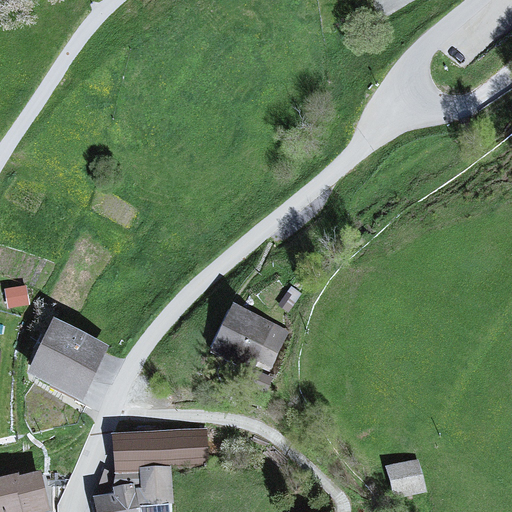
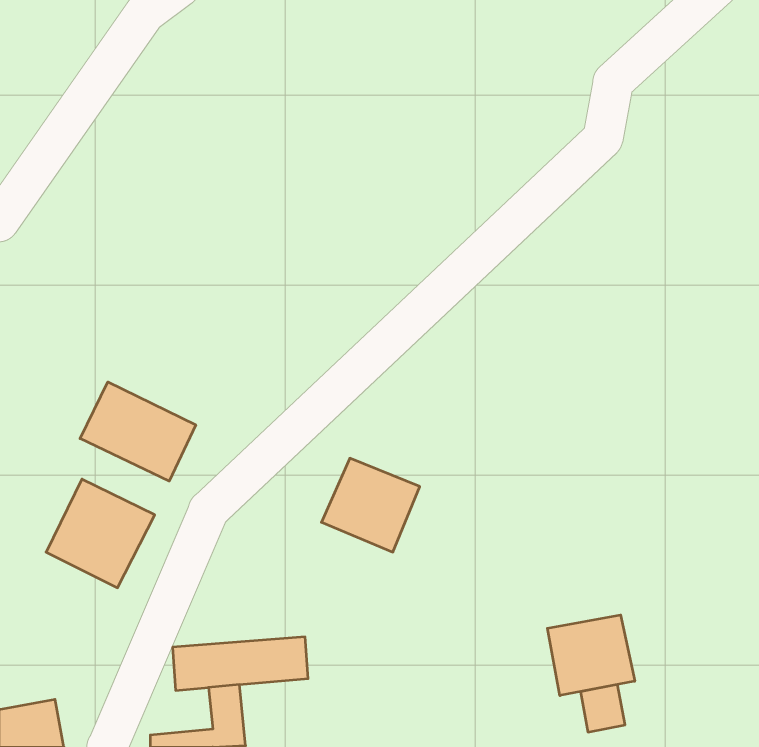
building: none -> [80,382,196,481]
building: none -> [547,615,635,696]

